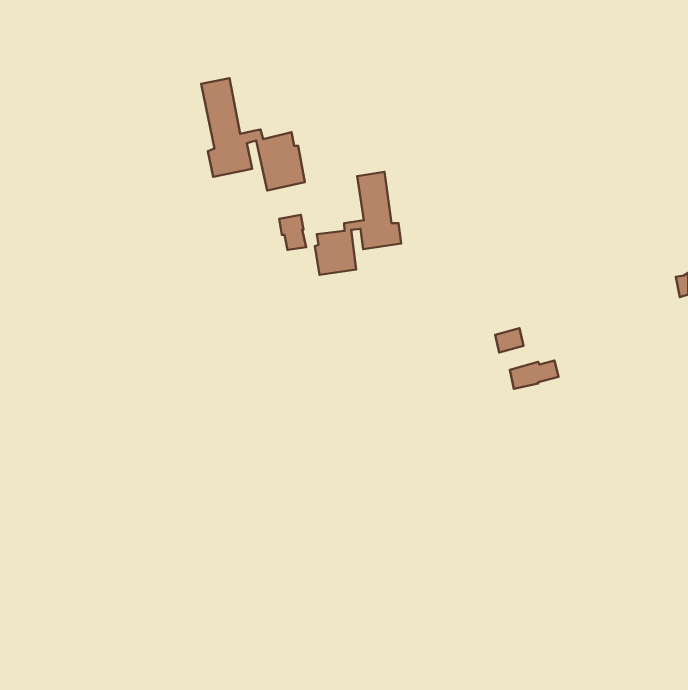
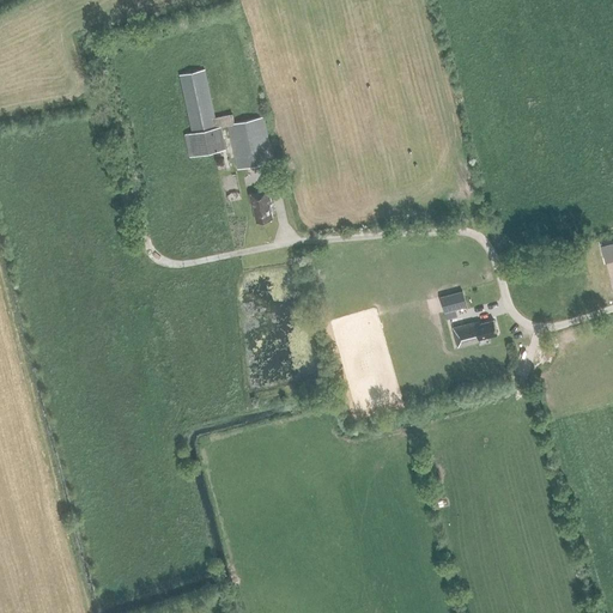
building: [315,172,401,275] -> none

